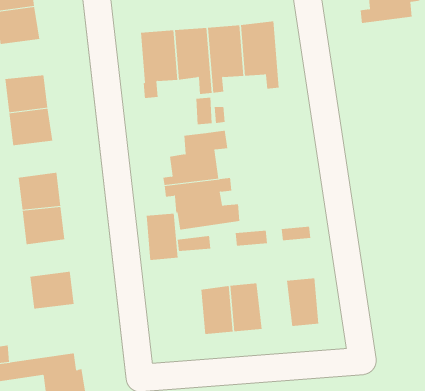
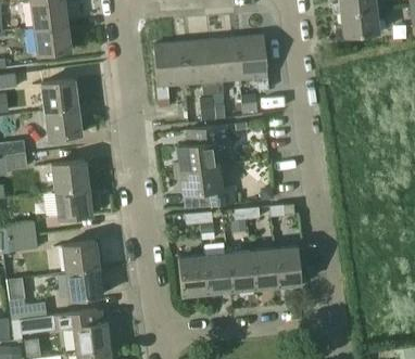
building: [146,213,179,260] -> [180,256,207,295]
building: none -> [251,248,279,289]
building: none -> [66,268,103,299]

